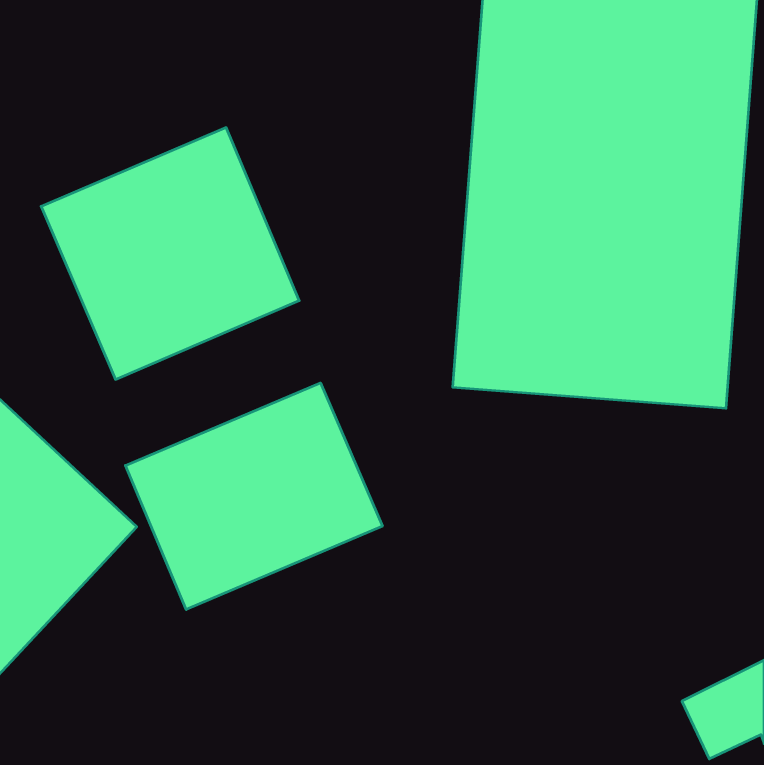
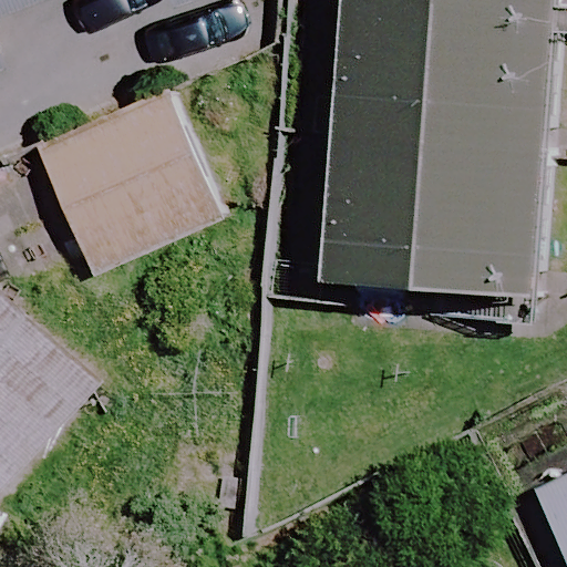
building: [125,383,382,610] -> none

